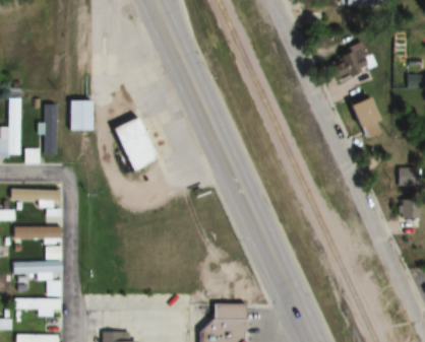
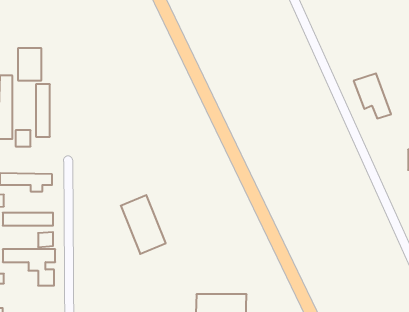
building: [341,40,376,75] -> none
building: [69,100,92,131] -> [18,48,41,80]
building: [112,117,155,173] -> [121,195,166,254]
building: [15,298,61,313] -> none

